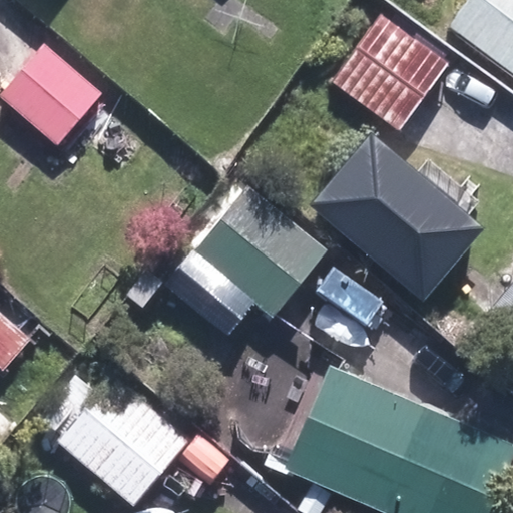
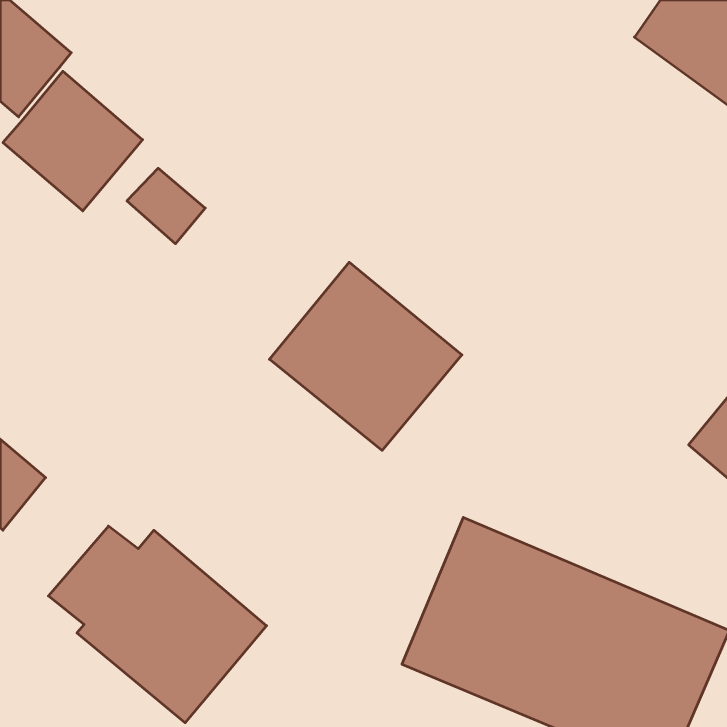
building: [334,15,448,128] -> none
building: [314,136,485,302] -> none

